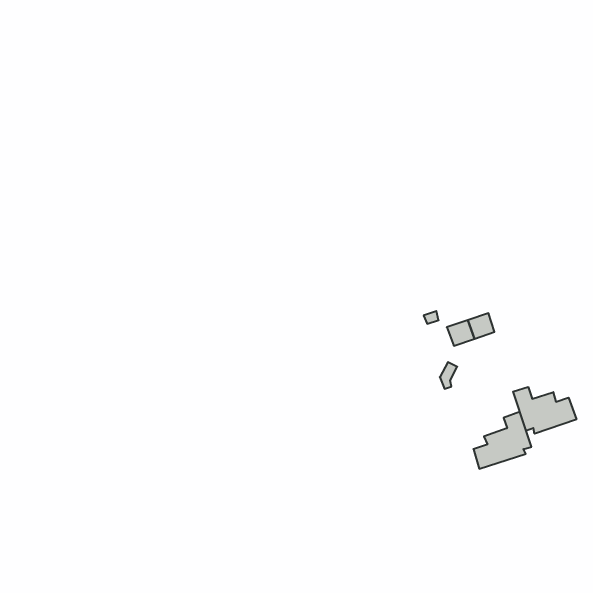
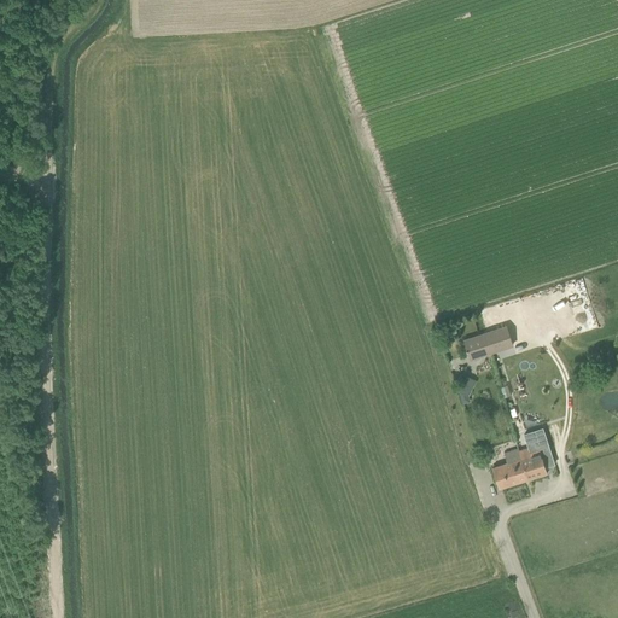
building: [513,387,576,434] -> none

